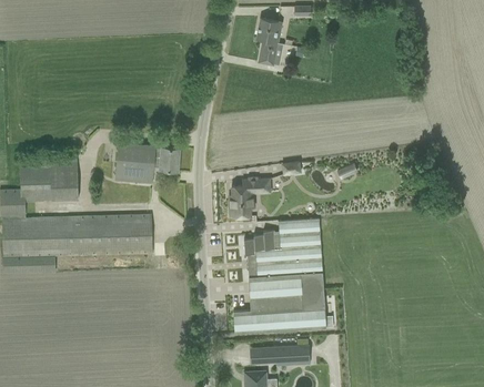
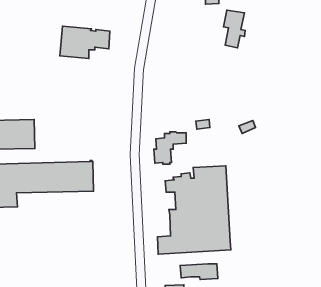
building: [255,18,283,65] -> [223,10,245,48]
building: [115,142,179,183] -> [60,26,110,58]

